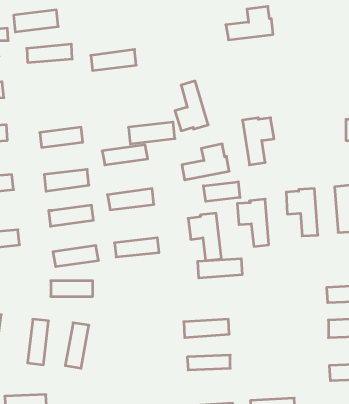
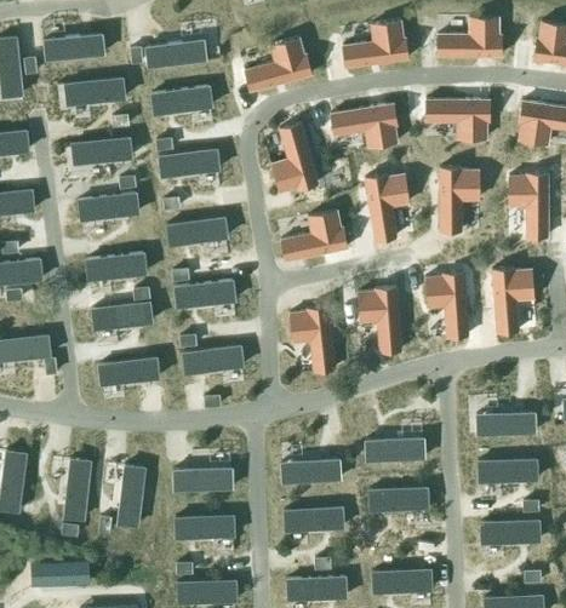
building: none -> [435,23,498,62]
building: none -> [145,38,207,65]
building: none -> [241,42,308,97]
building: none -> [422,105,485,144]
building: none -> [327,110,393,153]
building: none -> [72,134,135,162]
building: none -> [436,173,475,236]
building: [128,122,175,144] -> [159,148,223,178]
building: [203,182,240,201] -> none
building: [198,259,242,278] -> [366,436,428,463]
building: [51,281,93,296] -> [175,466,233,488]
building: none -> [370,487,431,511]
building: none -> [176,515,236,538]

